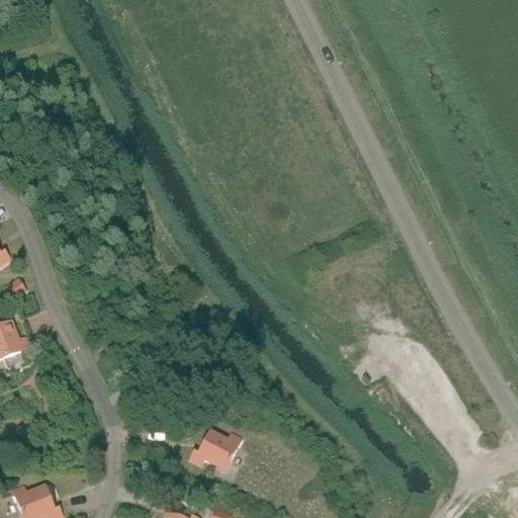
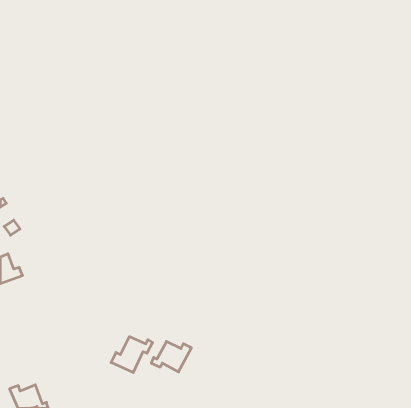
building: none -> [111,337,153,373]

